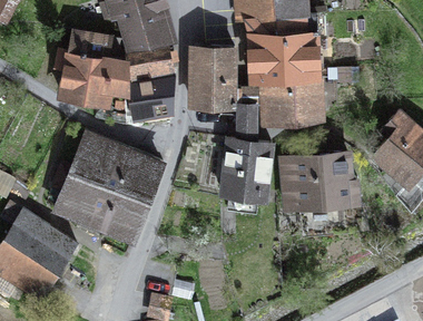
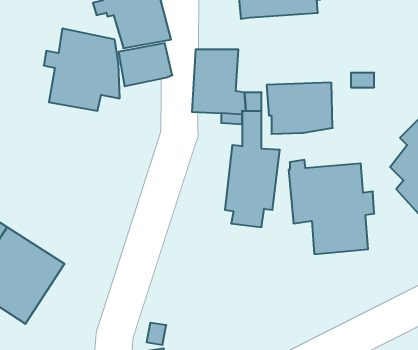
building: [245,12,319,79] -> none
building: [128,72,174,119] -> none
building: [55,130,164,237] -> none

